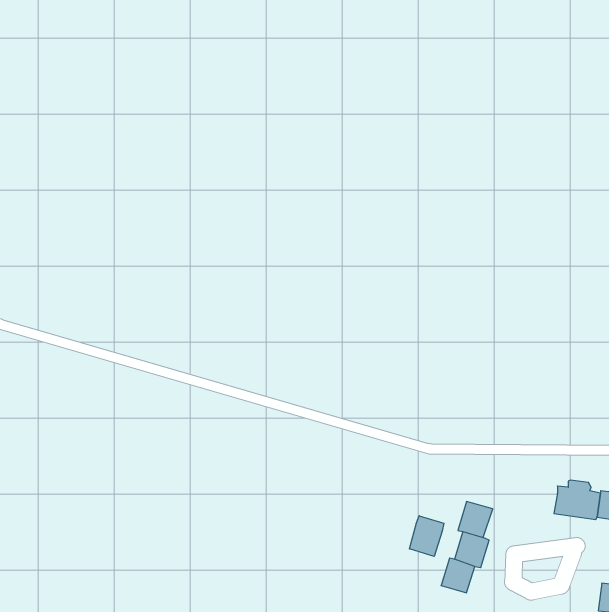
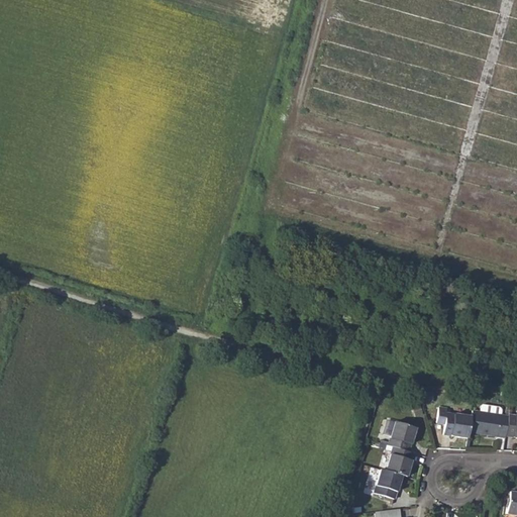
building: none -> [437,406,473,438]
building: [409,516,444,556] -> none

